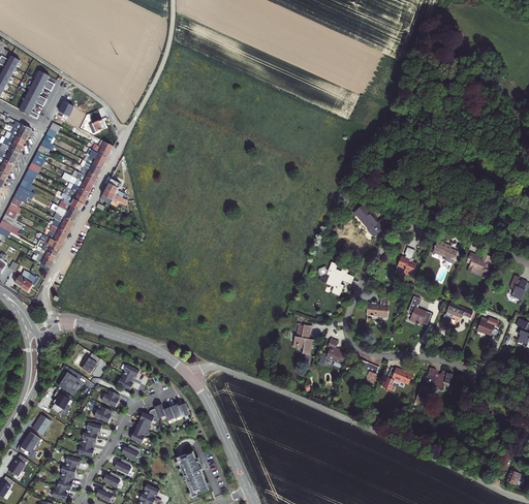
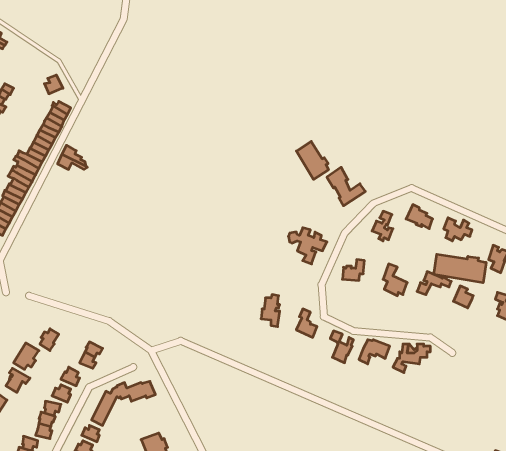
building: none -> [296,141,328,179]
building: none -> [434,254,486,283]

